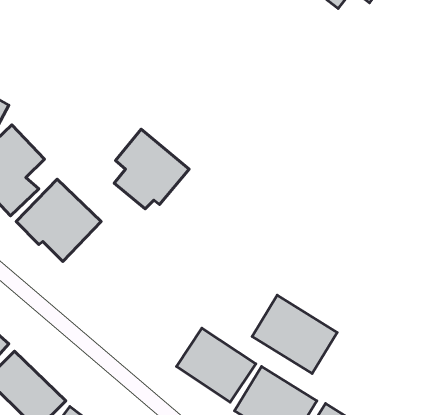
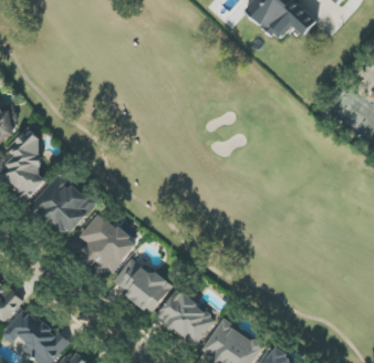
building: [114,129,189,209] -> [77,212,136,274]
building: none -> [111,257,170,314]
building: [252,295,337,374] -> none

